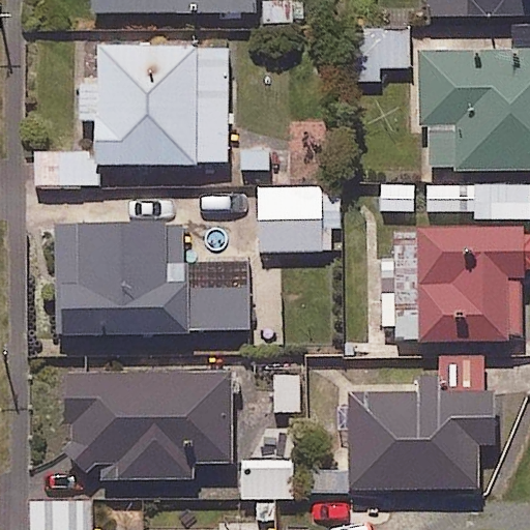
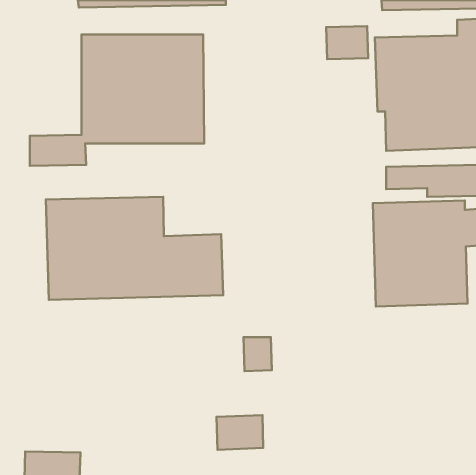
building: [258,187,340,253] -> none
building: [347,356,492,489] -> none
building: [63,371,231,478] -> none

